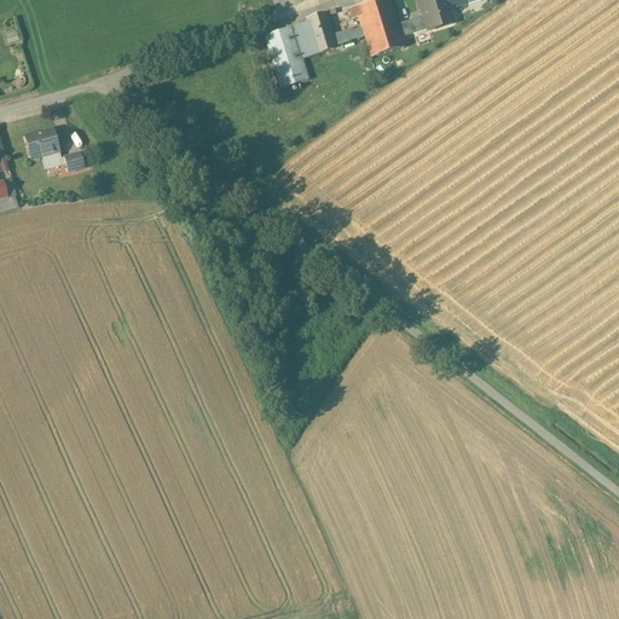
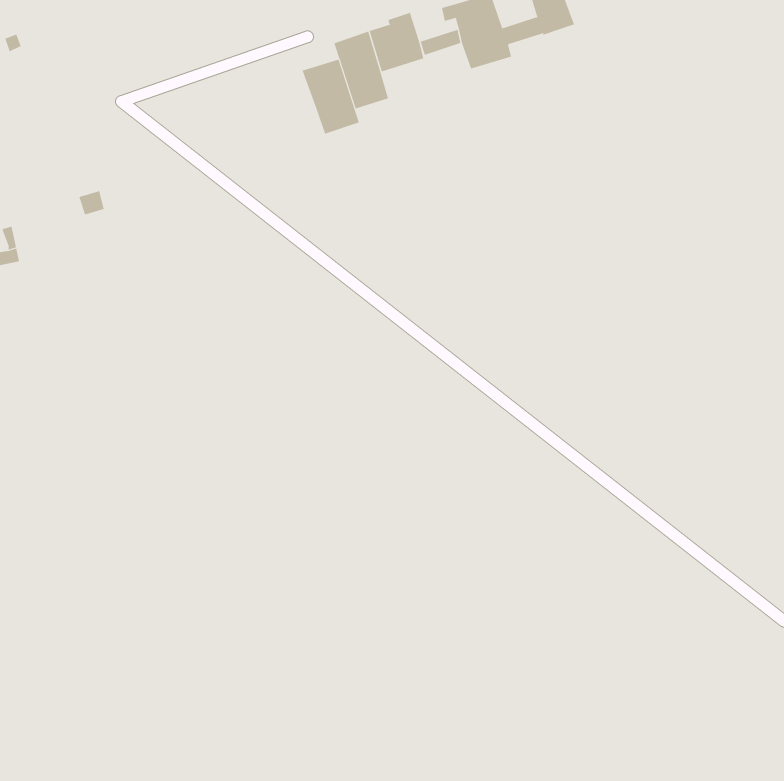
building: none -> [302,59,360,134]
building: [23,127,58,157] -> none

